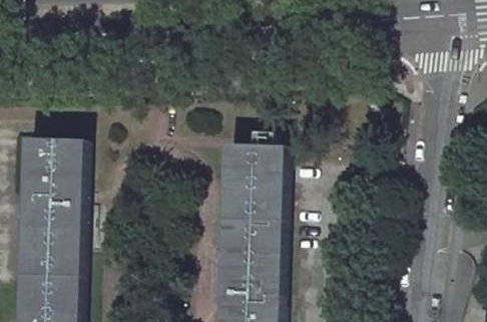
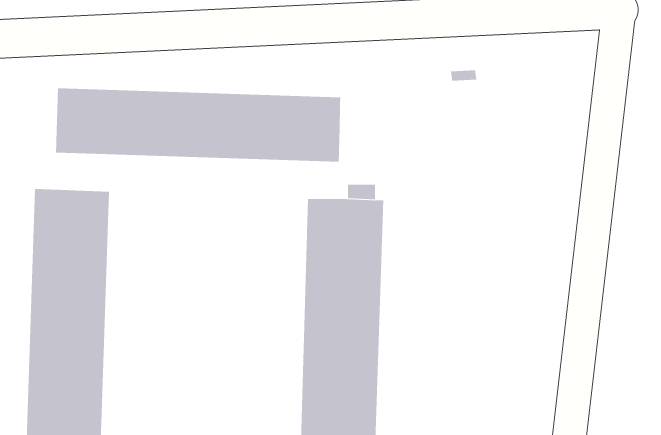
building: none -> [56,87,341,162]

